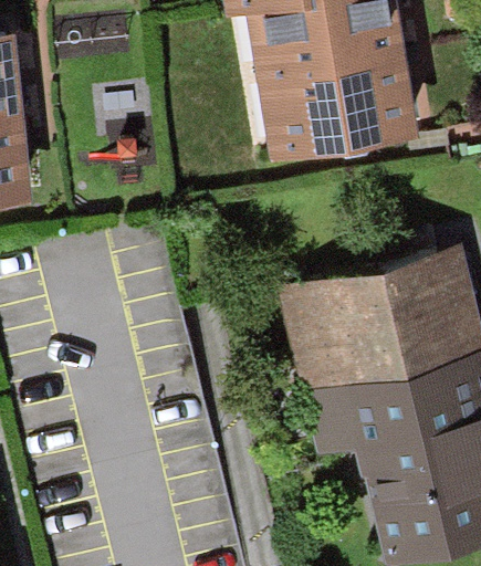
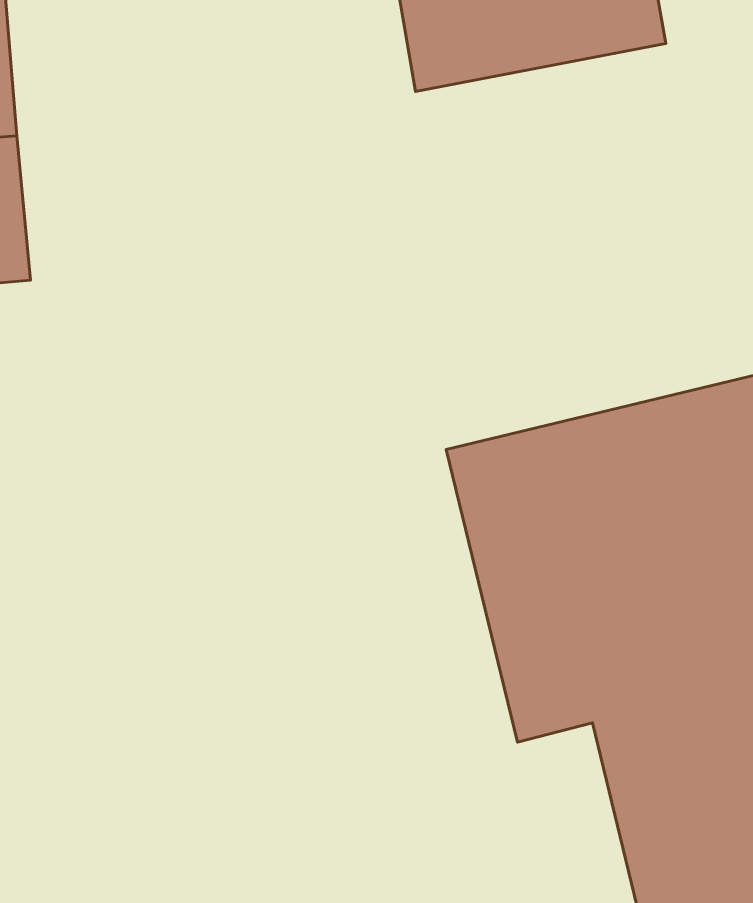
building: [259,61,416,163] -> none

